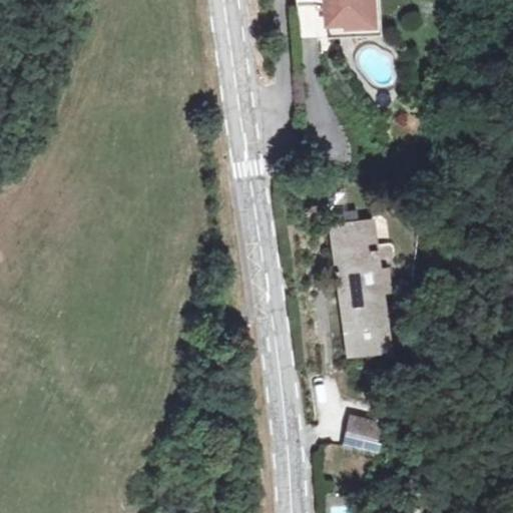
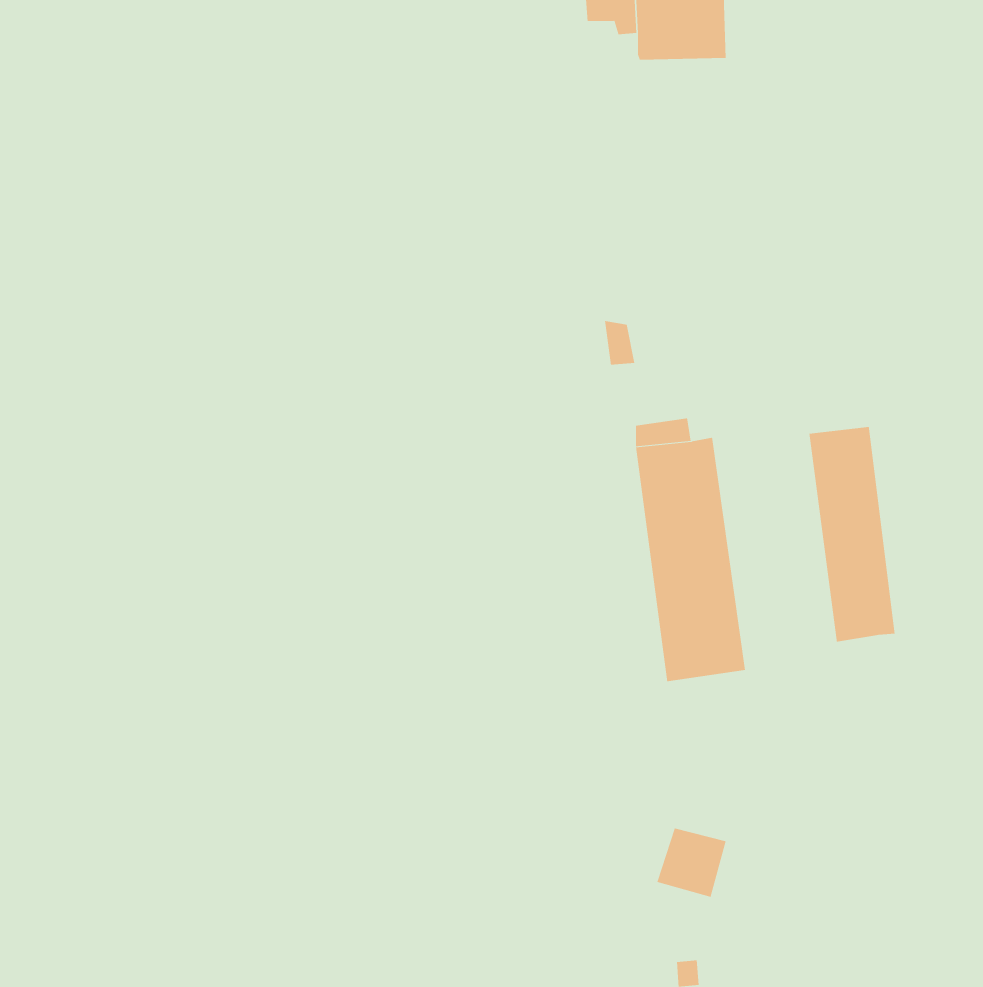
building: none -> [809,426,895,643]

